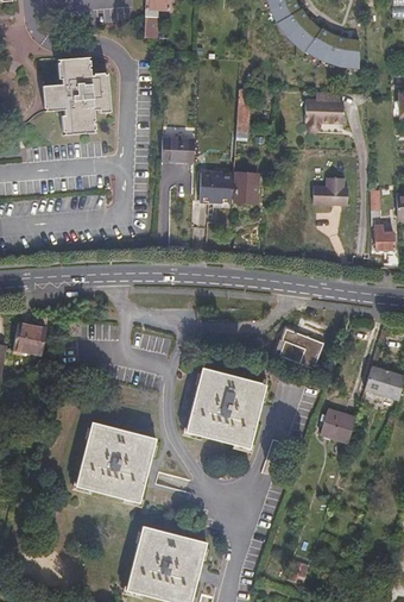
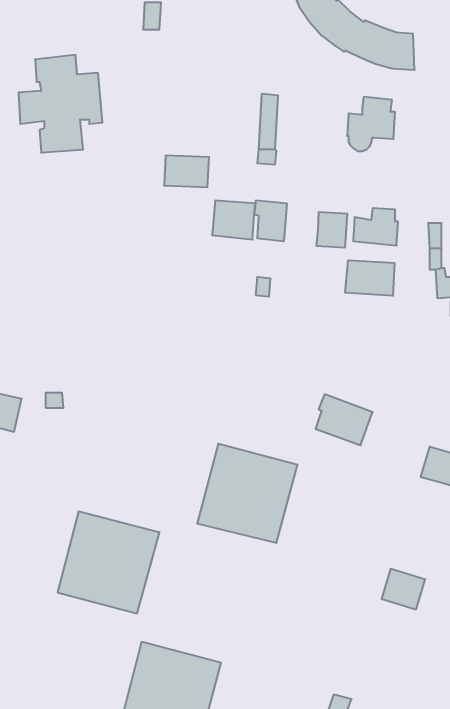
building: none -> [317,212,347,248]
building: none -> [345,260,394,296]
building: [321,410,355,443] -> [382,569,425,609]

